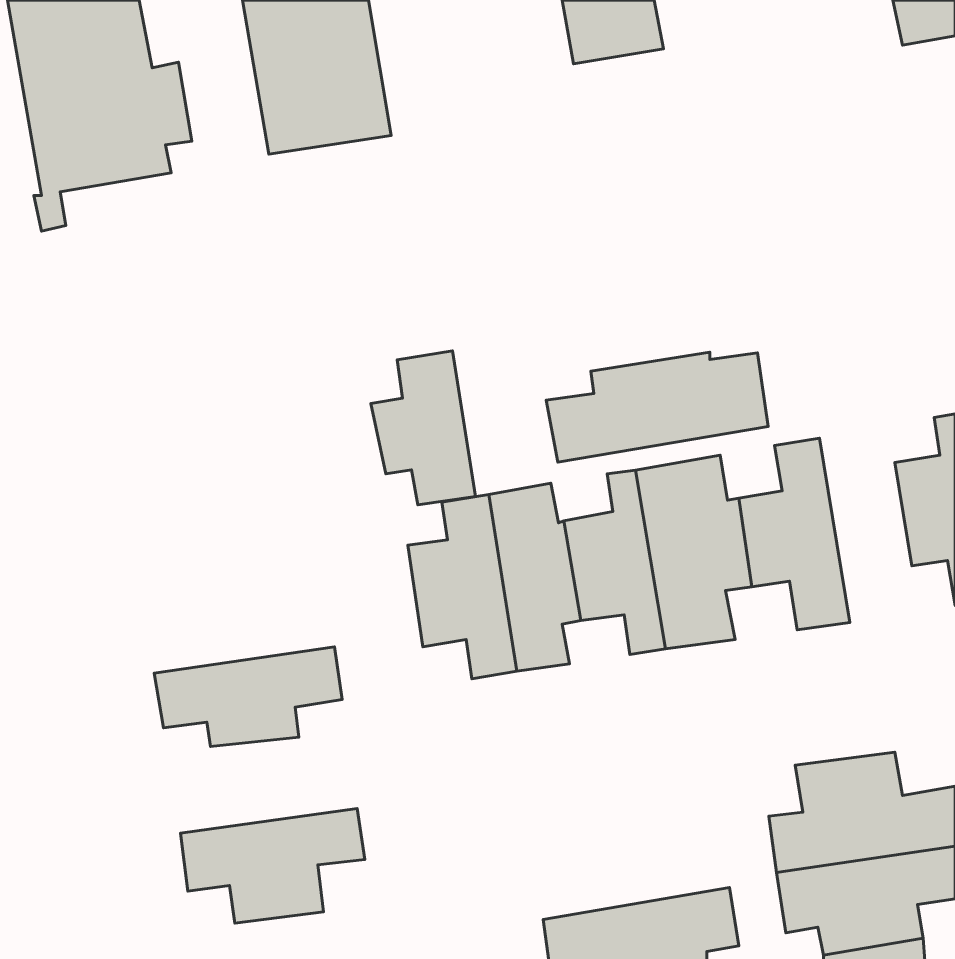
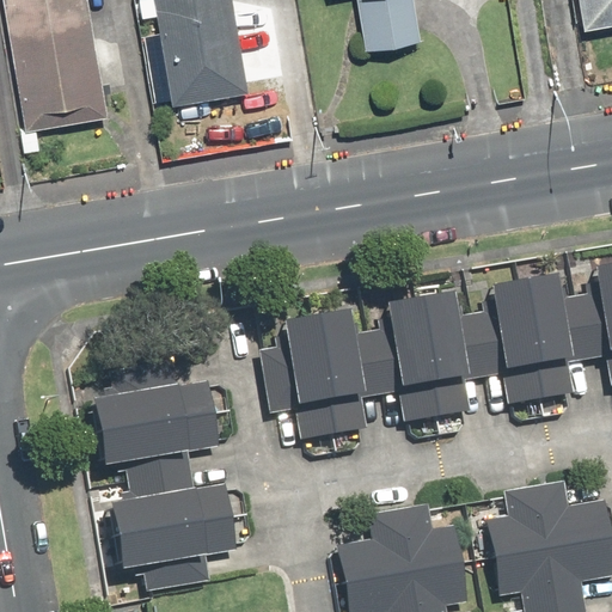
building: [371,351,476,505] -> none
building: [546,352,768,462] -> none
building: none -> [521,271,580,397]
building: none -> [93,362,213,429]
building: none -> [109,470,227,531]
building: none -> [338,504,464,586]

